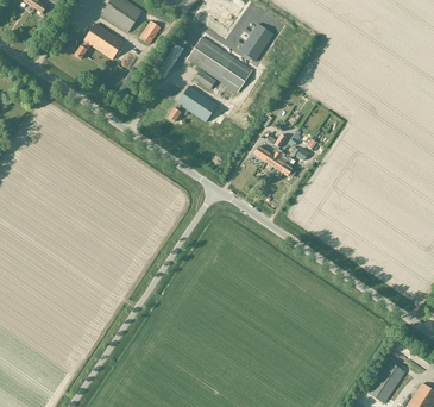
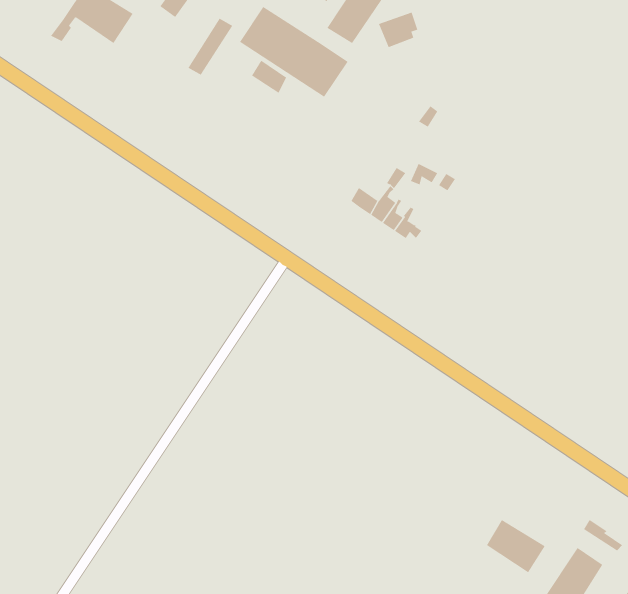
building: [168,86,216,121] -> none
building: none -> [486,519,546,573]

